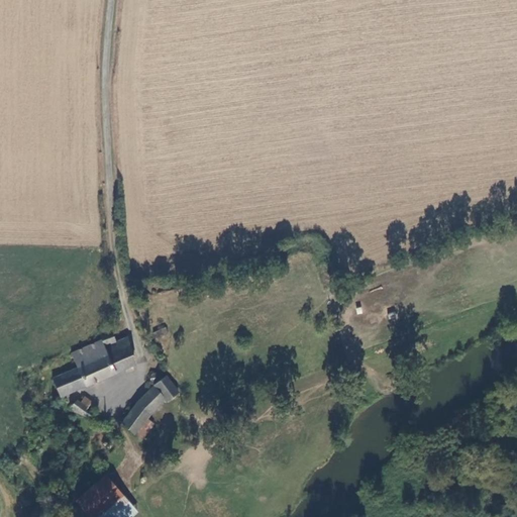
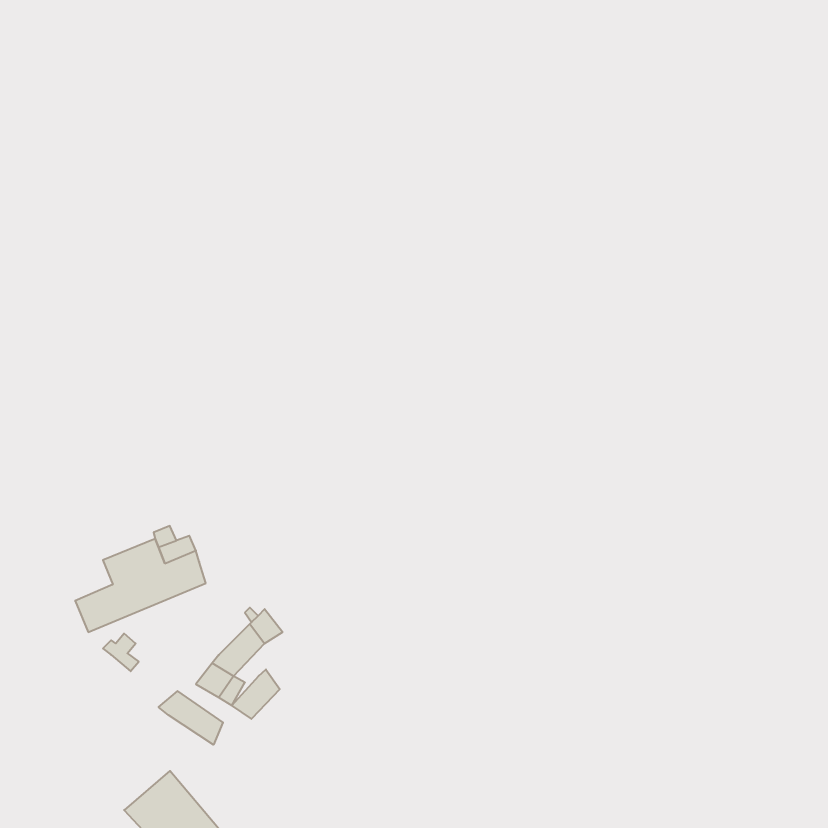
building: none -> [232,669,280,719]
building: none -> [159,691,223,745]

